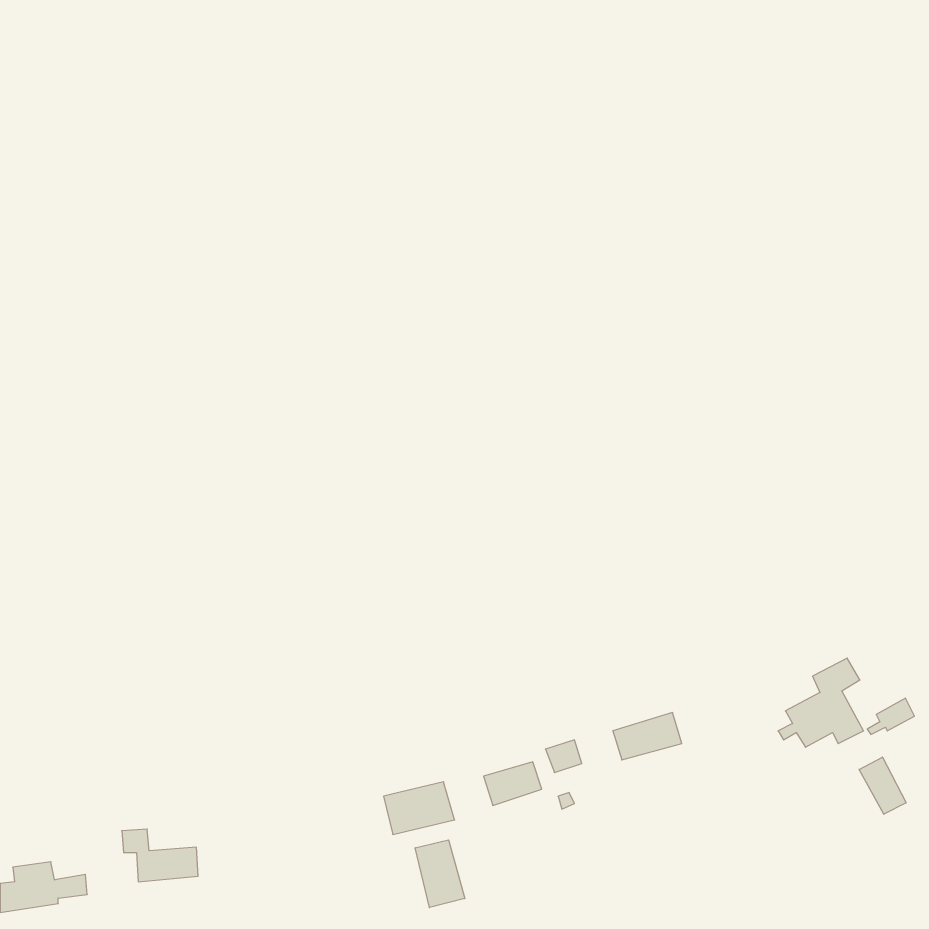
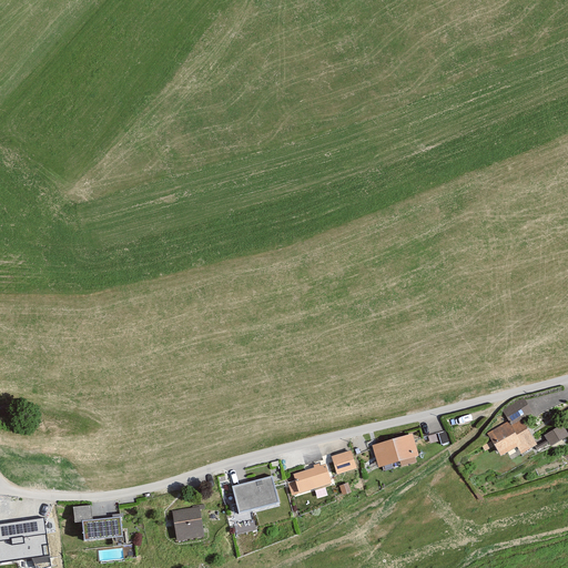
building: [859,757,906,814] -> none
building: none -> [174,508,203,538]
building: [415,840,465,908] -> none

